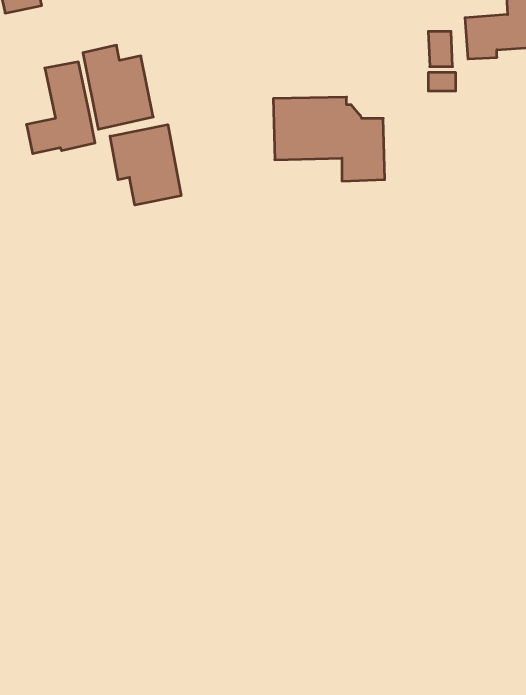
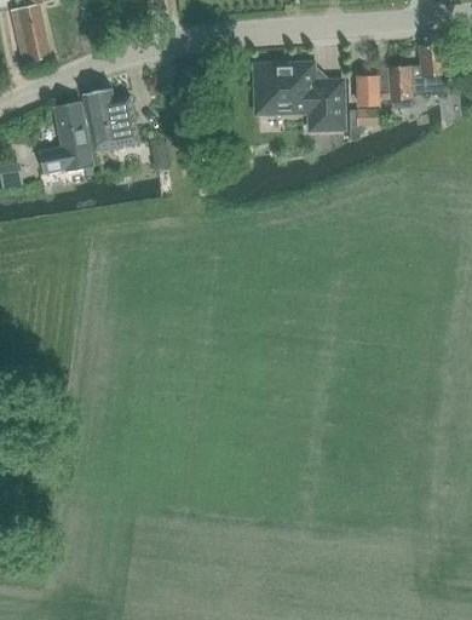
building: [273,97,385,181] -> [254,64,343,131]
building: [110,125,181,205] -> none

